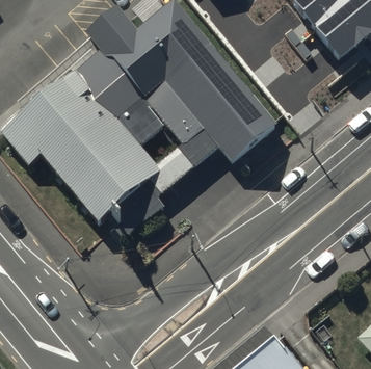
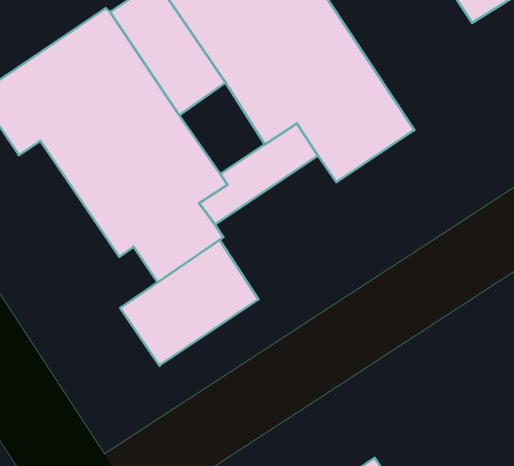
building: none -> [120,240,258,366]

